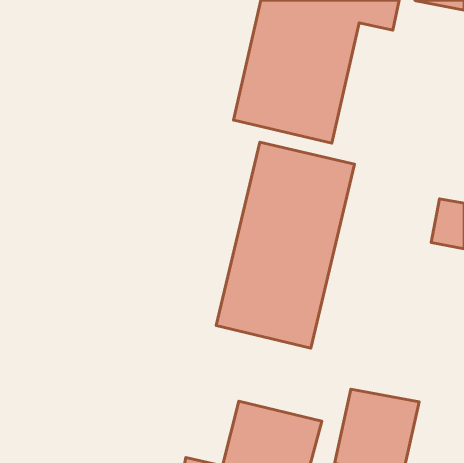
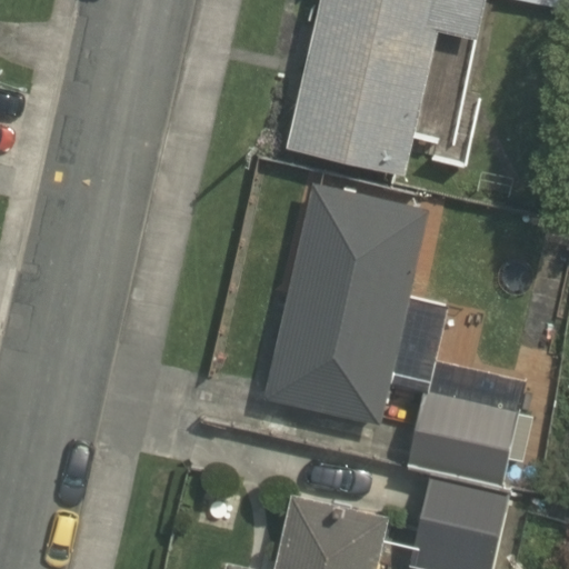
building: none -> [407,365,535,493]

